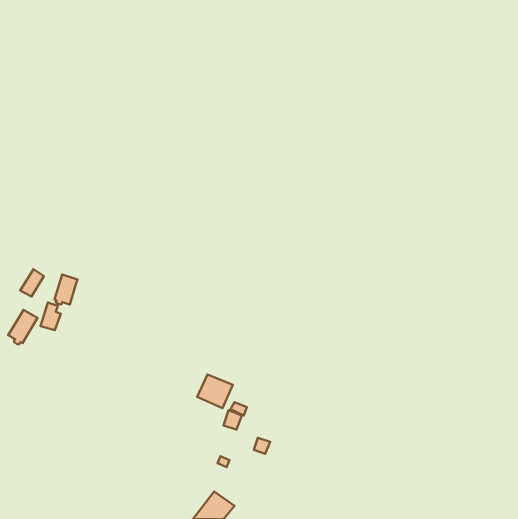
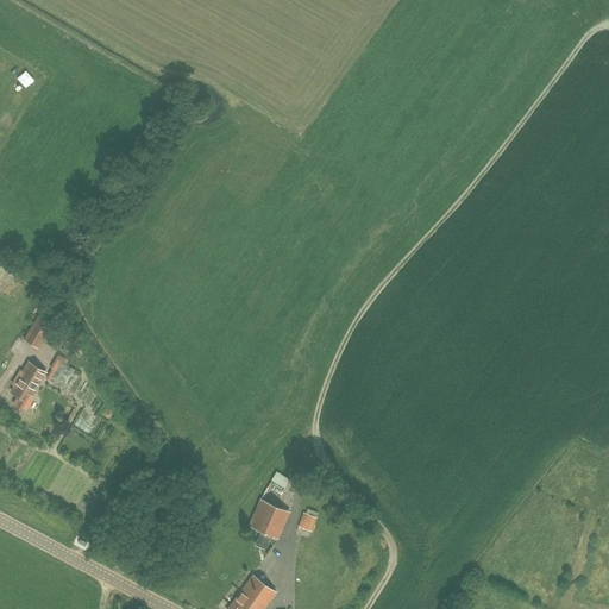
building: [55,274,78,305] -> none
building: [197,375,233,408] -> [247,500,289,539]

